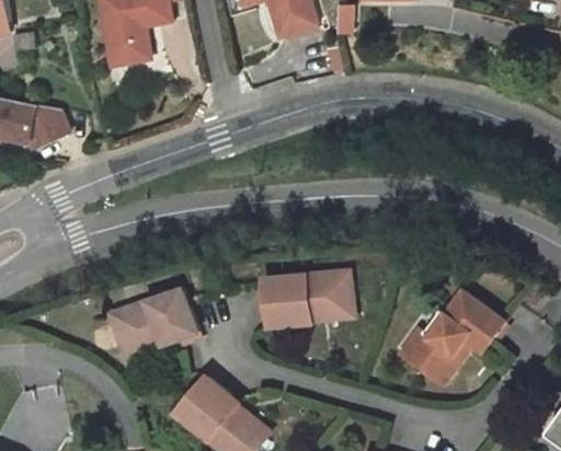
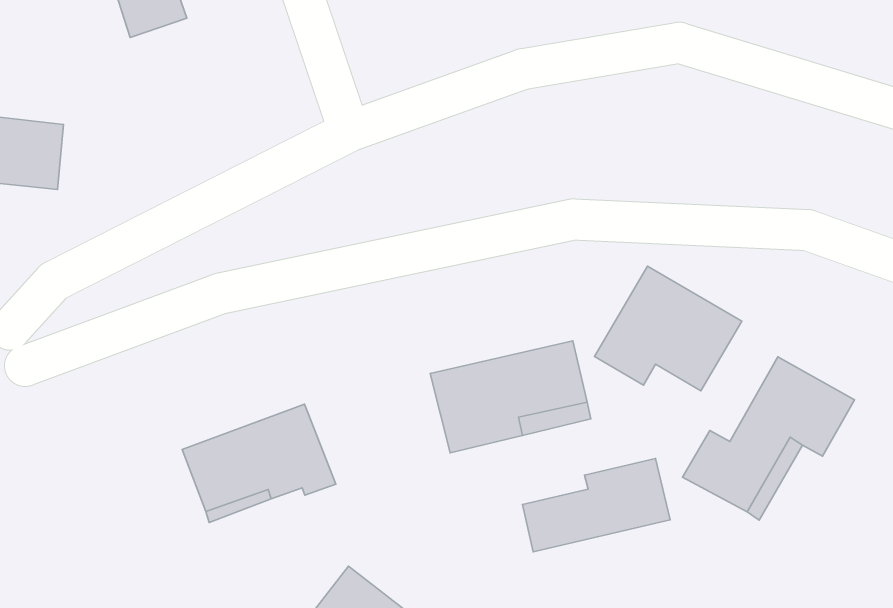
building: none -> [595,266,742,391]
building: none -> [522,459,670,552]

